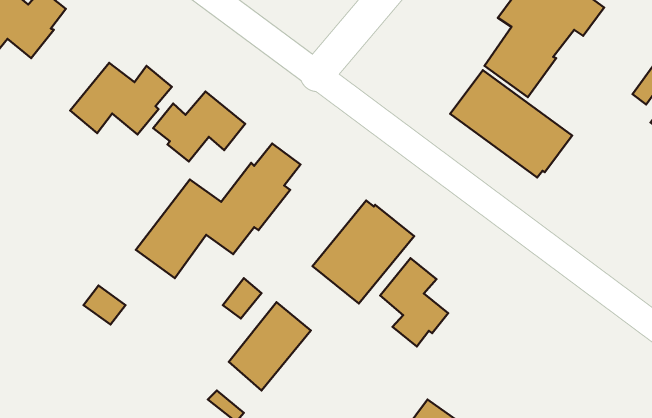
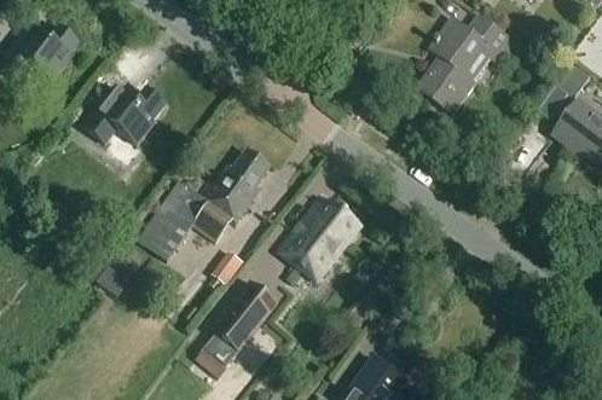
building: [450,70,572,178] -> none
building: [153,91,245,162] -> none
building: [380,258,448,346] -> none

